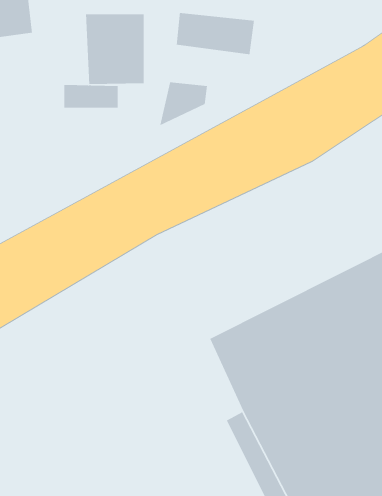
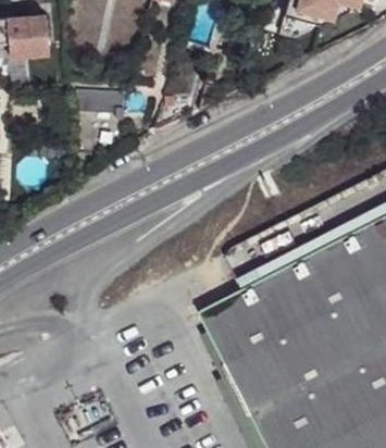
building: [176,12,255,55] -> none
building: [85,14,145,85] -> none

